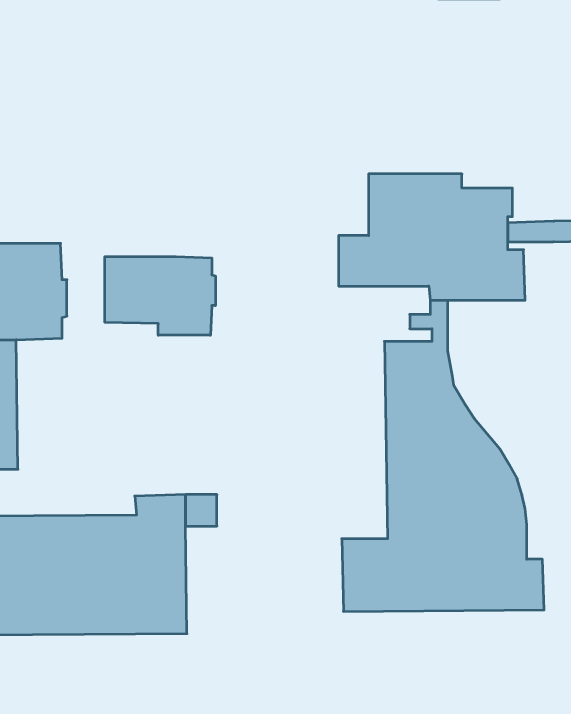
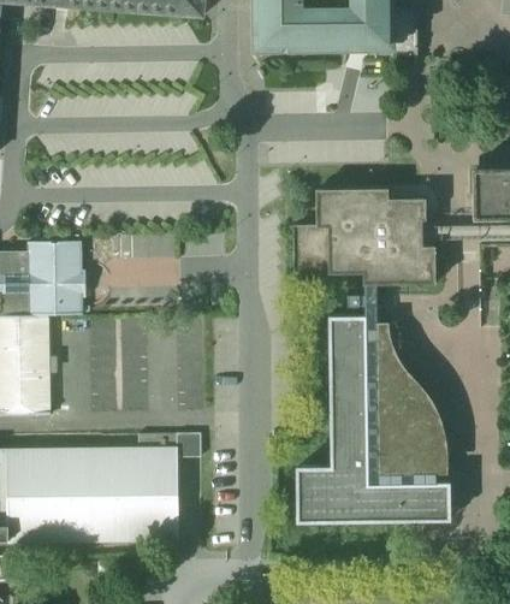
building: [105,257,215,335] -> none

